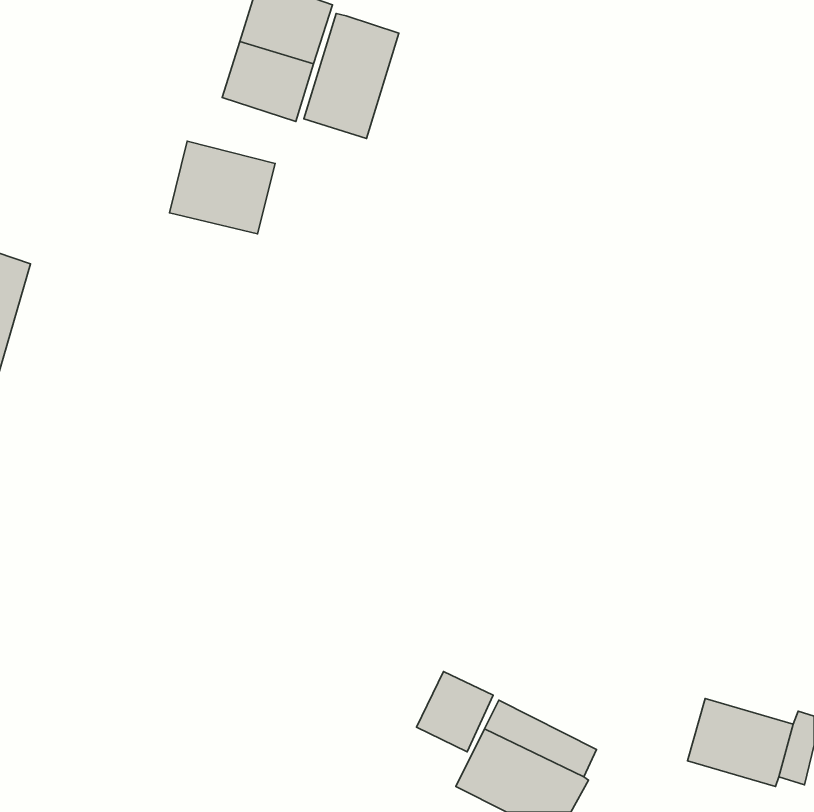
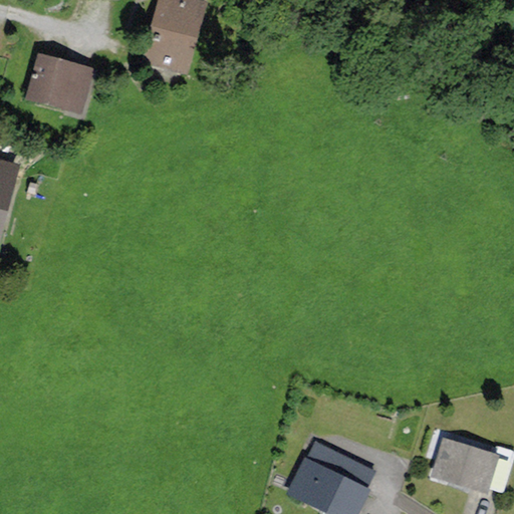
building: [304,13,399,139] -> none
building: [169,141,275,234] -> [27,55,93,113]
building: [417,672,493,752] -> none

